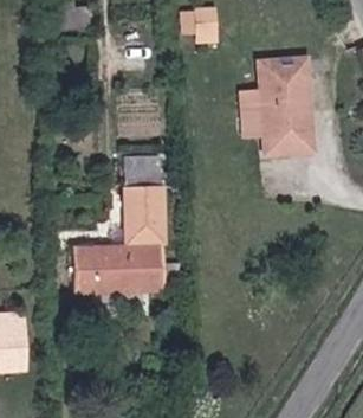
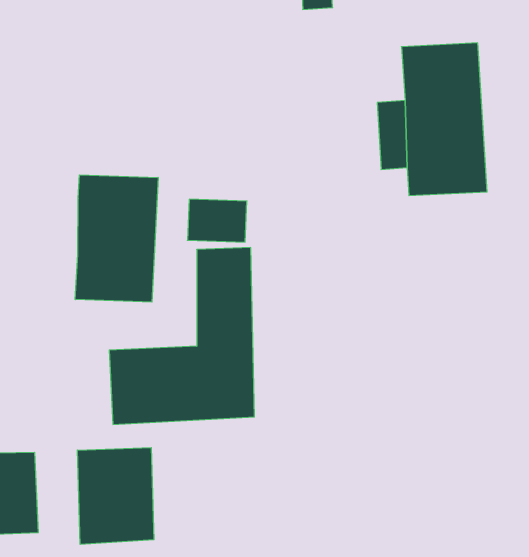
building: none -> [75,175,158,302]
building: none -> [77,448,154,544]

